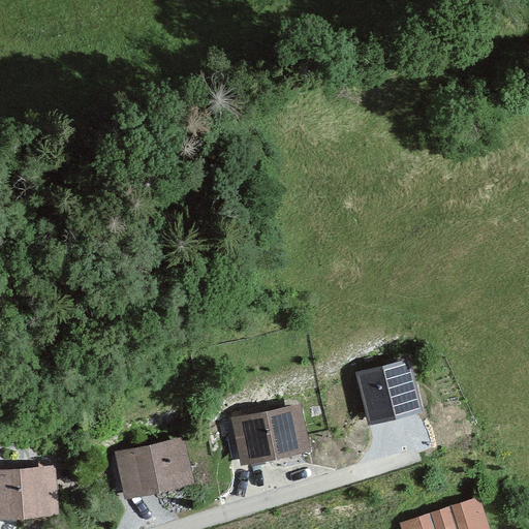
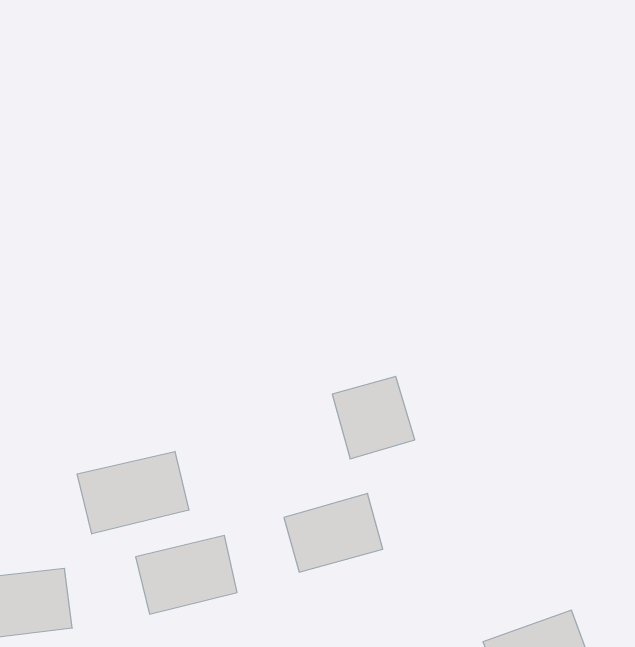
building: [355,359,423,426] -> [332,376,415,459]
building: none -> [77,451,189,534]

